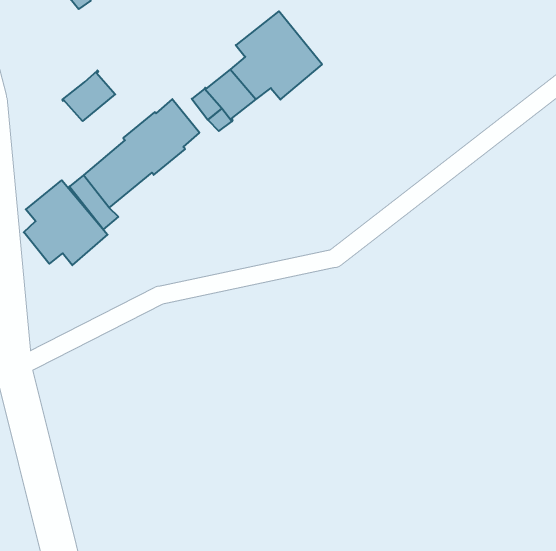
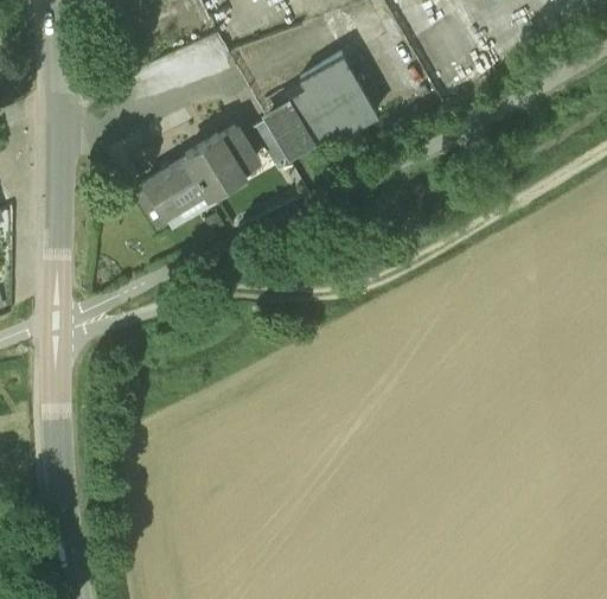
building: [62,70,115,121] -> none
building: [24,180,108,265] -> none

